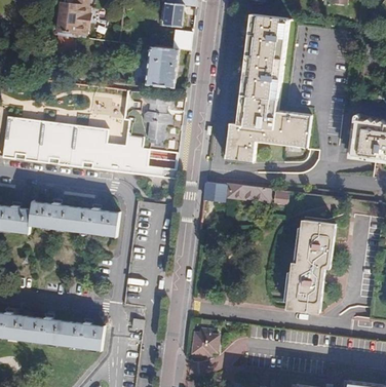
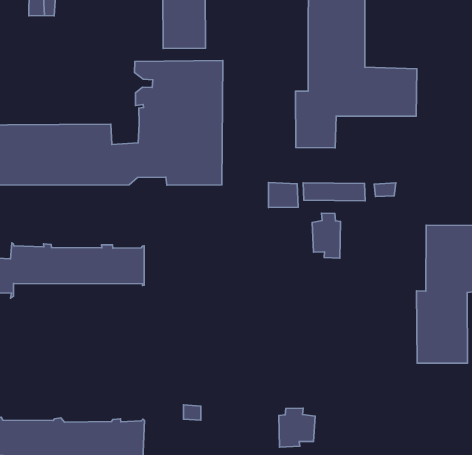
building: none -> [312,213,340,258]

